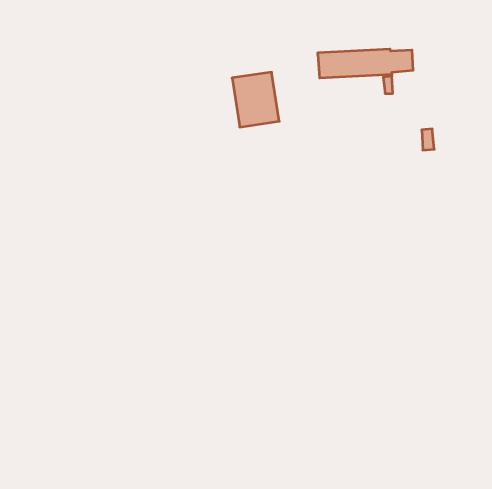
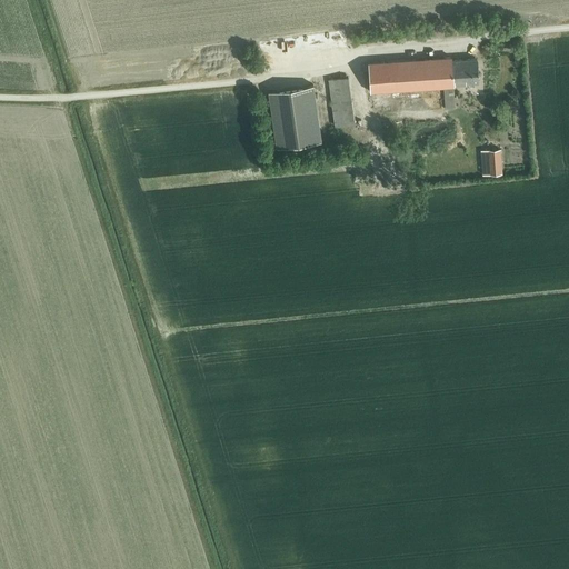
building: none -> [328,80,353,129]

